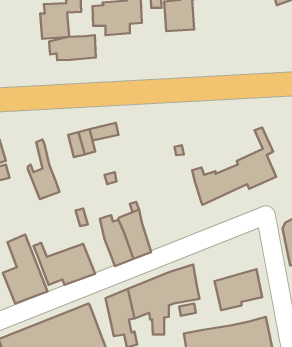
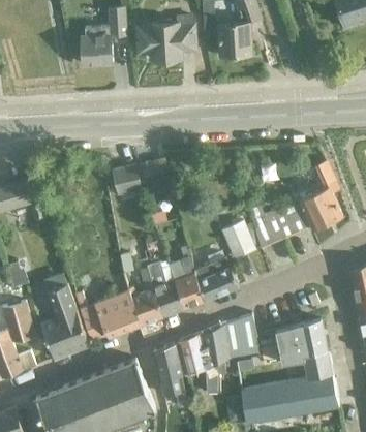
building: [49,35,96,60] -> none
building: [28,139,59,199] -> [128,259,163,326]
building: none -> [222,221,260,258]
building: none -> [193,256,238,302]
building: none -> [304,351,331,379]

